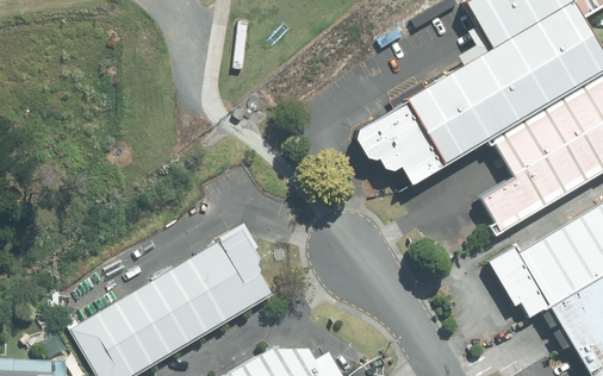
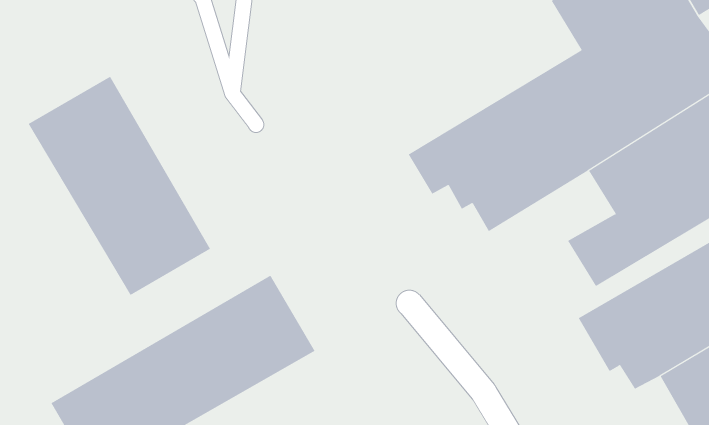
building: none -> [28,76,211,296]

